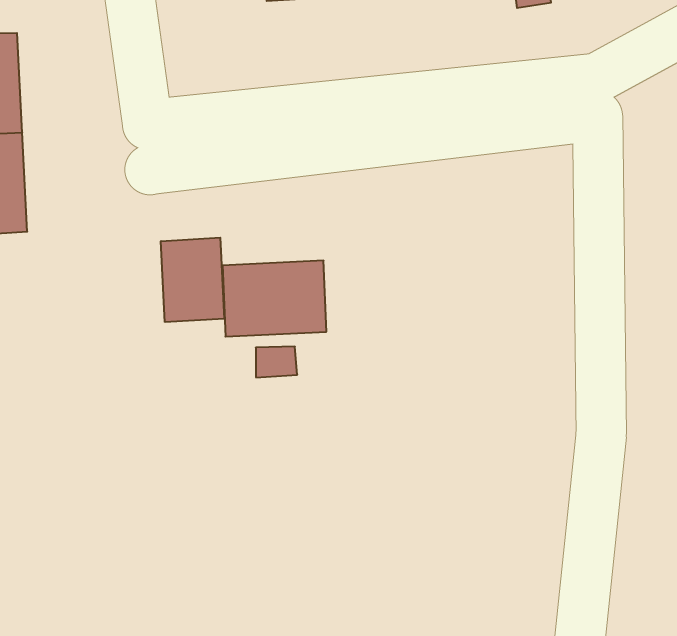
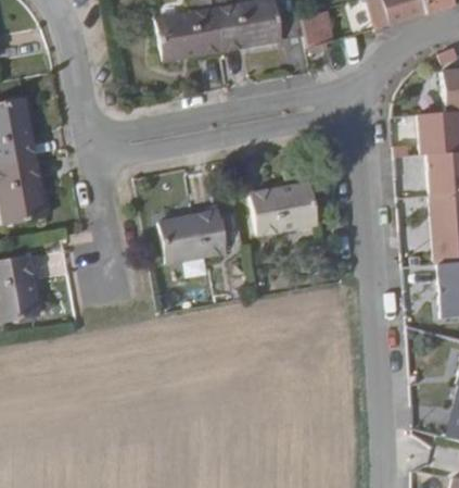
building: none -> [250,184,314,234]
building: [161,238,224,322] -> none

